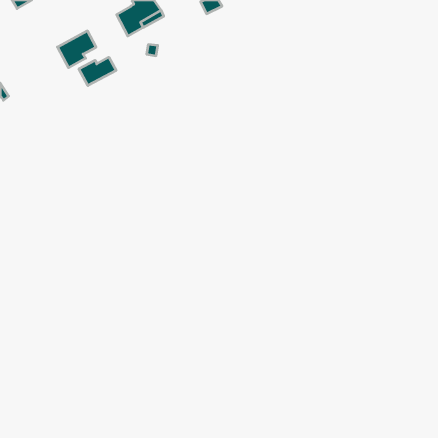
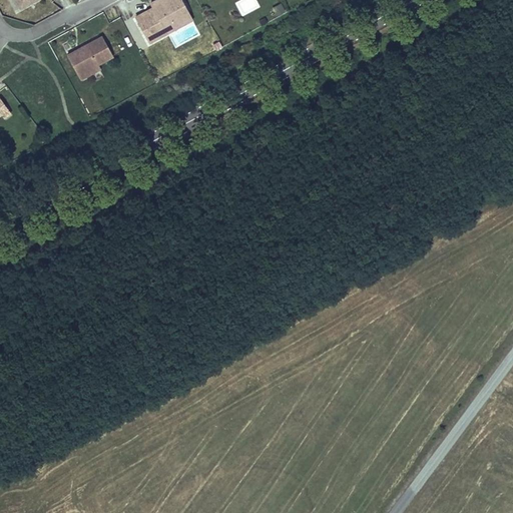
building: [79,57,116,86] -> none

